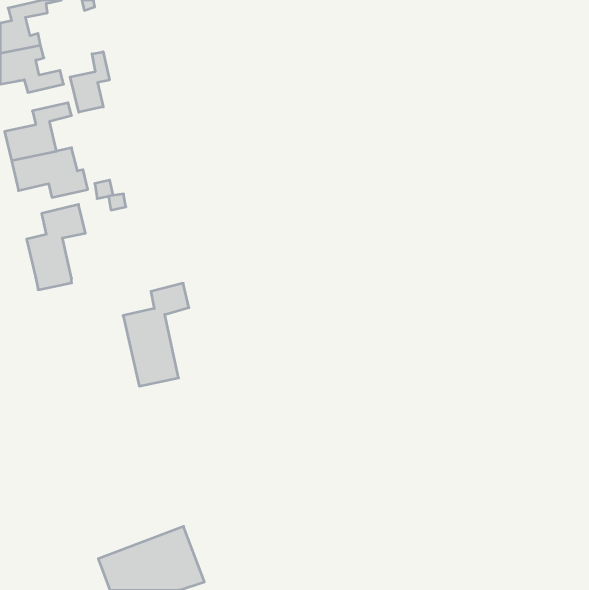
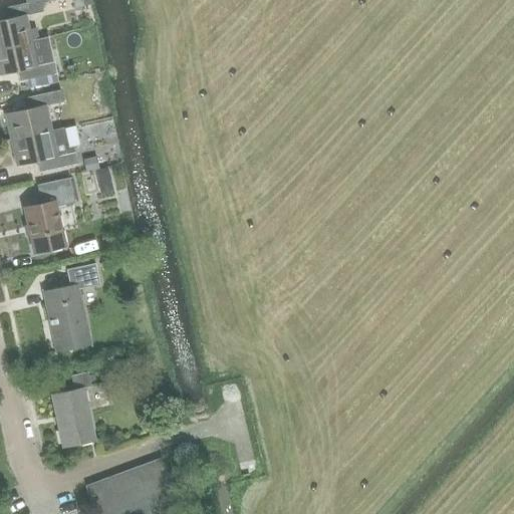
building: [70,52,109,112] -> none
building: [123,283,189,386] -> [43,263,100,352]
building: none -> [51,372,96,447]

